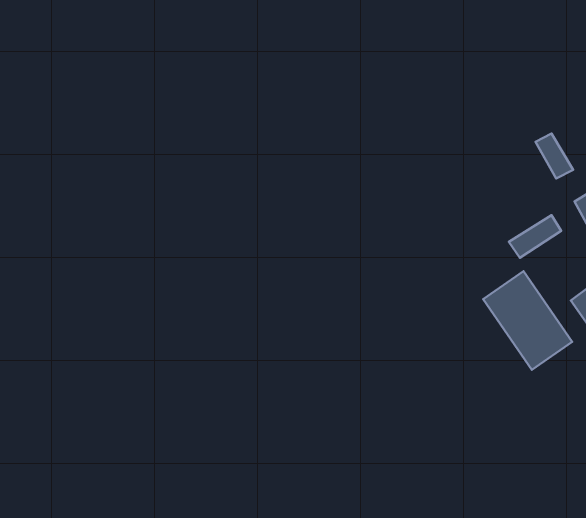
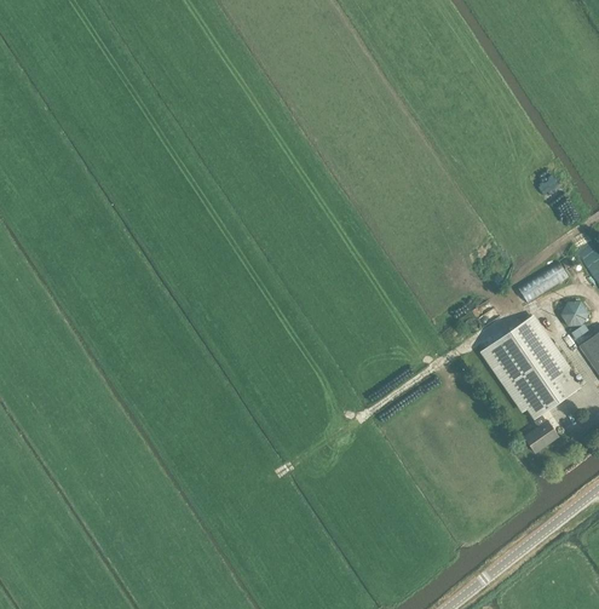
building: none -> [561,299,586,324]
building: none -> [523,416,555,453]

